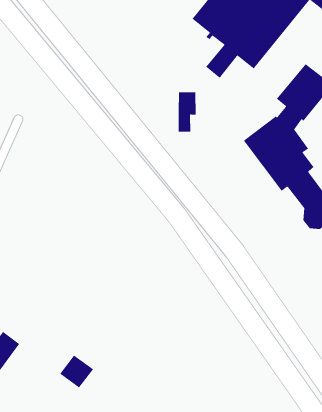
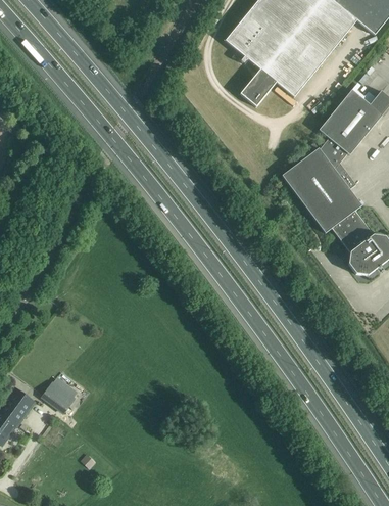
building: [178,92,196,133] -> none
building: [59,354,94,388] -> [40,374,79,412]

